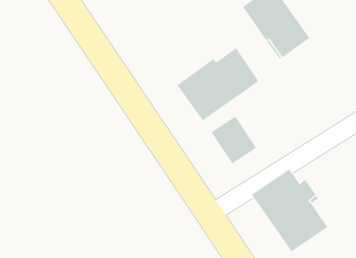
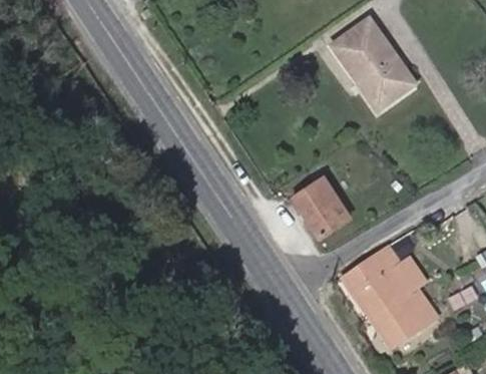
building: [176,47,259,121] -> none

